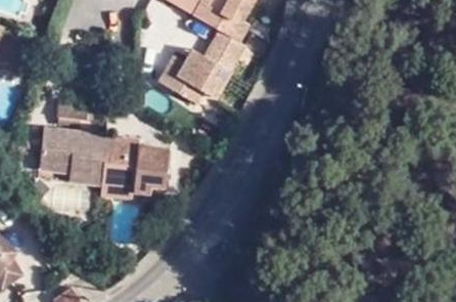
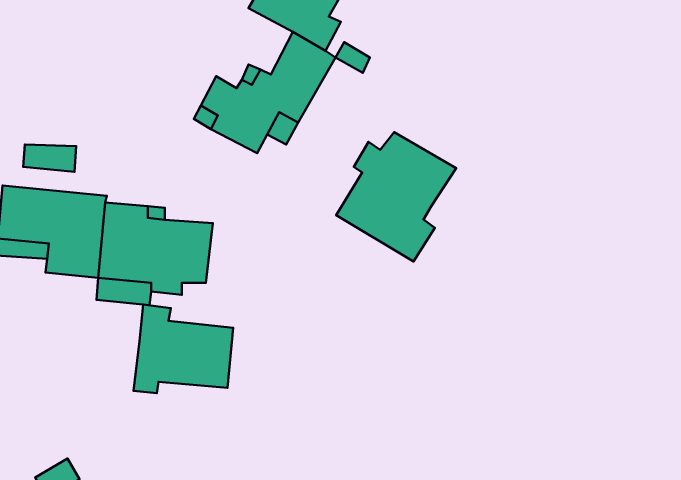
building: none -> [336,132,456,262]
building: none -> [133,304,233,393]

